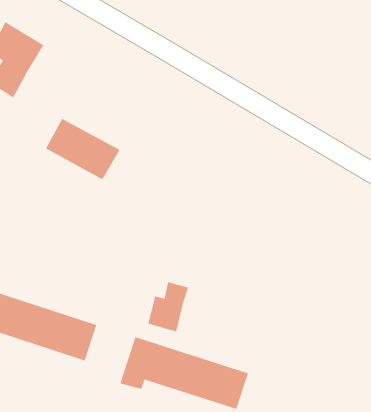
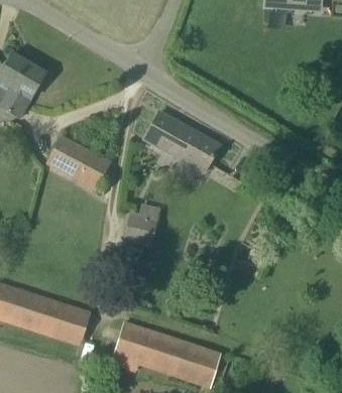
building: none -> [143,112,220,171]
building: [148,282,189,332] -> [124,202,159,245]

